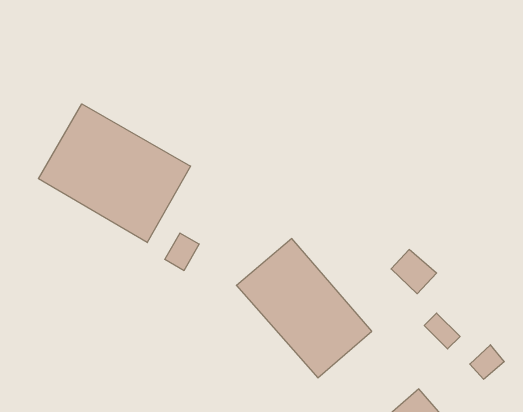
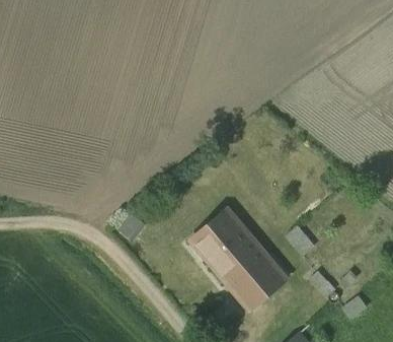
building: [38,104,191,243] -> none

